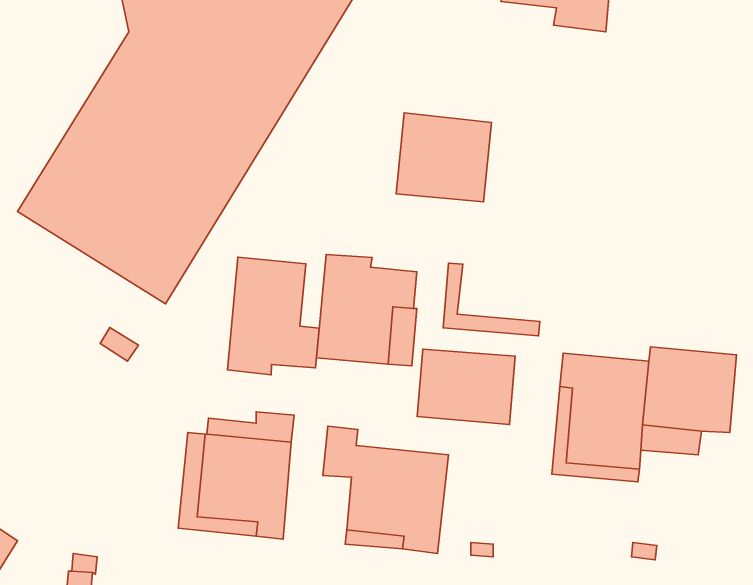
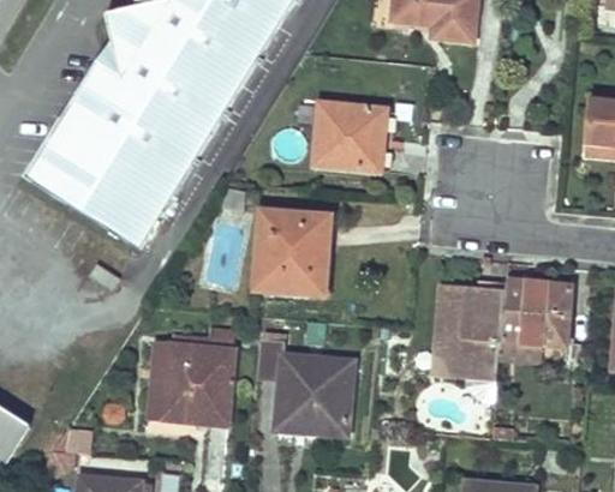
building: [227,257,319,375] -> none
building: [443,263,540,336] -> none
building: [417,349,515,425] -> none

